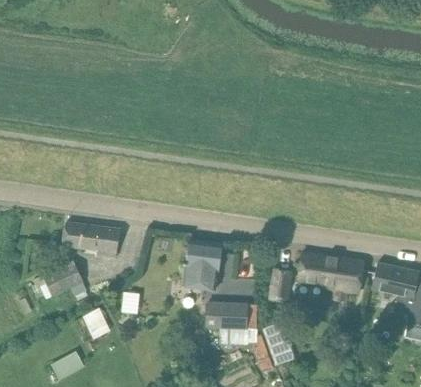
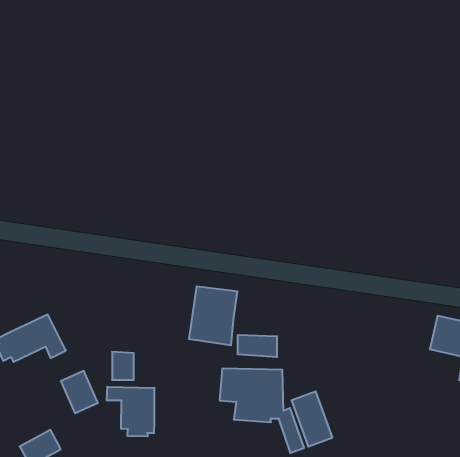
building: [63,223,120,257] -> none
building: [299,252,364,303] -> none
building: [268,268,293,304] -> none
building: none -> [107,387,154,436]

